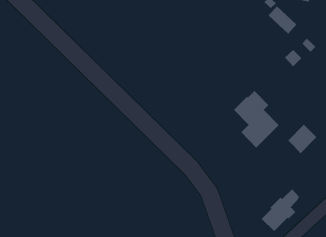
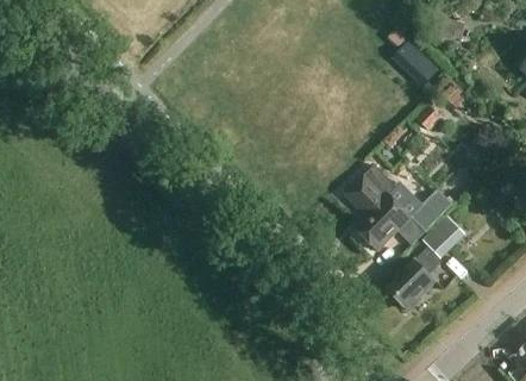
building: none -> [409,188,451,230]
building: [261,188,300,232] -> [384,245,442,308]

